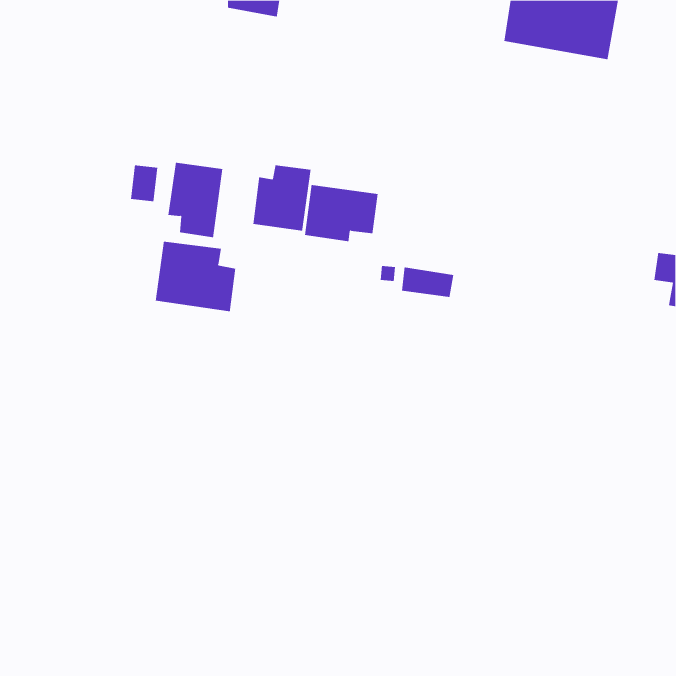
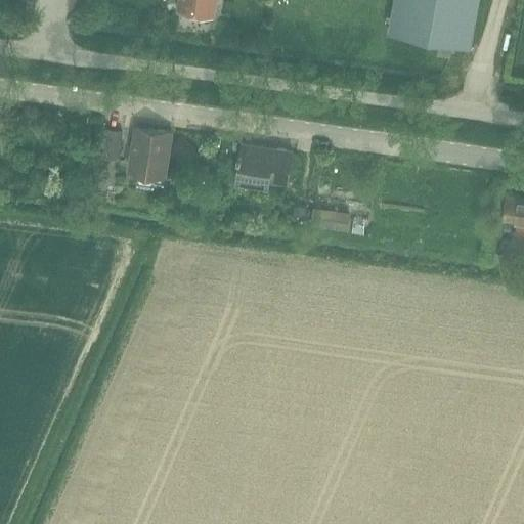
building: [253,165,311,231] -> none
building: [155,241,236,312] -> none

